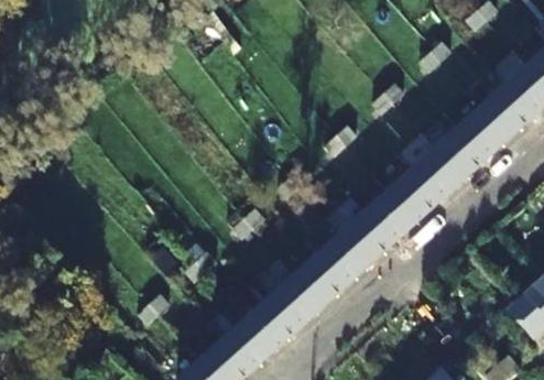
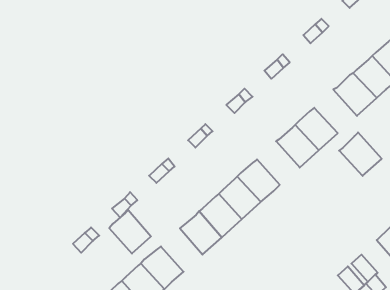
building: [434,127,486,180] -> [339,132,382,176]
building: [365,189,416,242] -> none
building: [248,295,298,348] -> [109,210,151,254]

